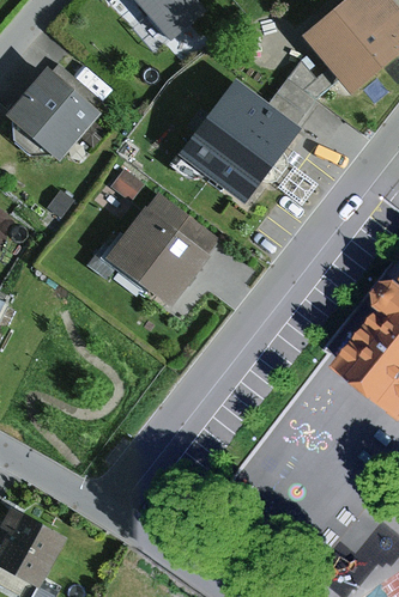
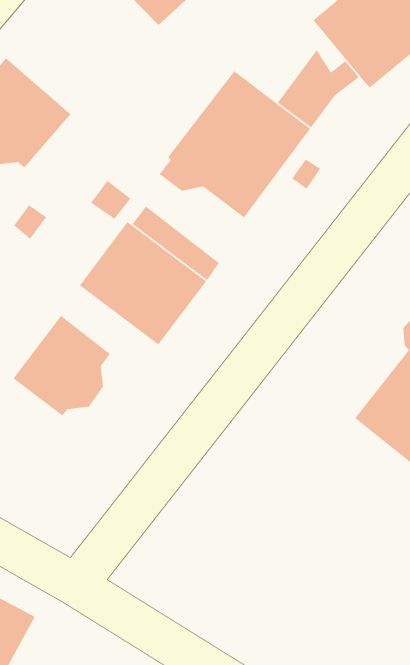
building: none -> [13,315,111,416]

